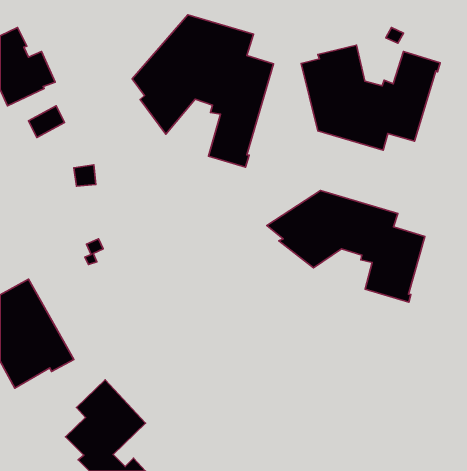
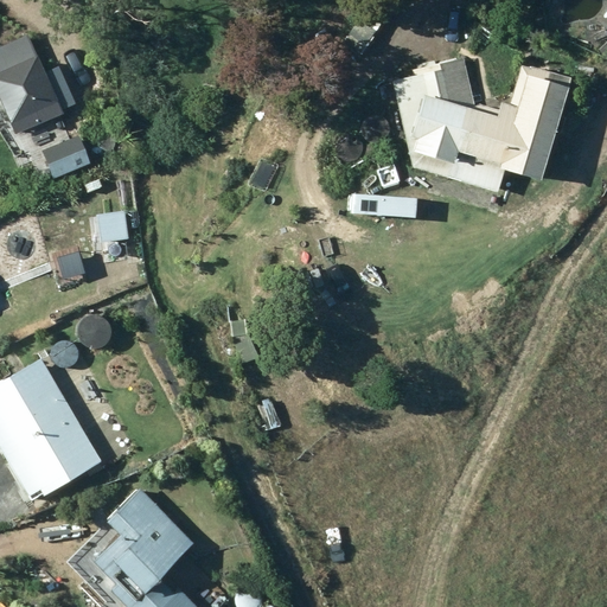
building: [132,15,273,167] -> none
building: [267,190,425,302] -> none

